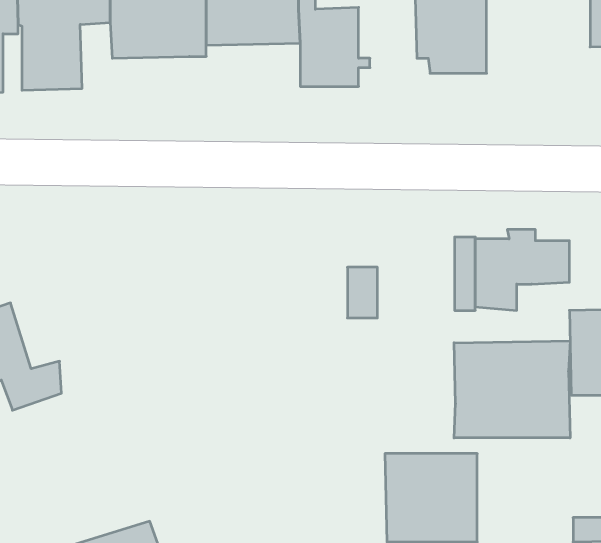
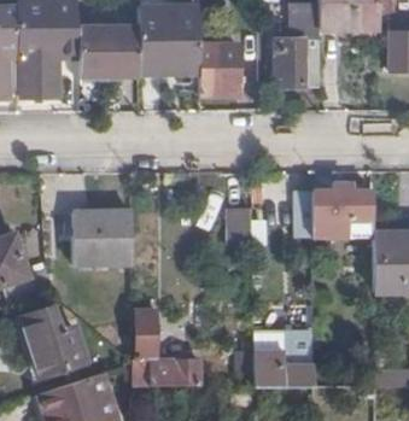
building: none -> [74,211,133,263]
building: [454,341,570,438] -> none
building: none -> [18,308,88,379]
building: none -> [134,308,201,381]

